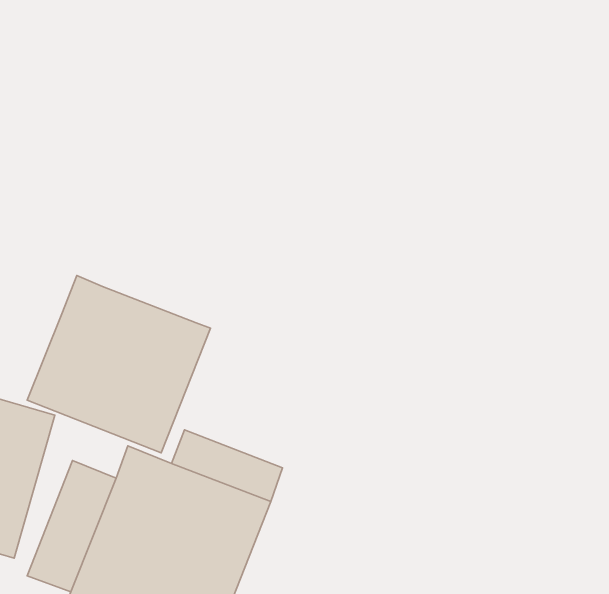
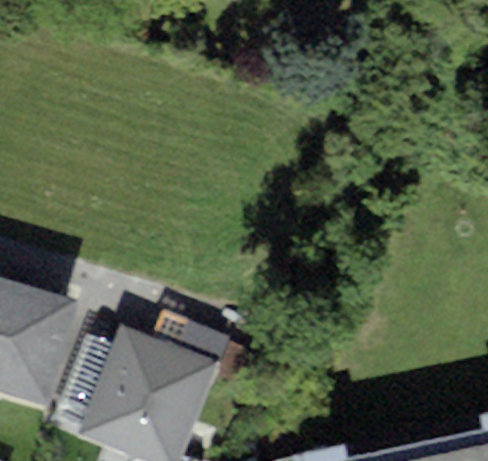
building: [27,275,211,453] -> none

